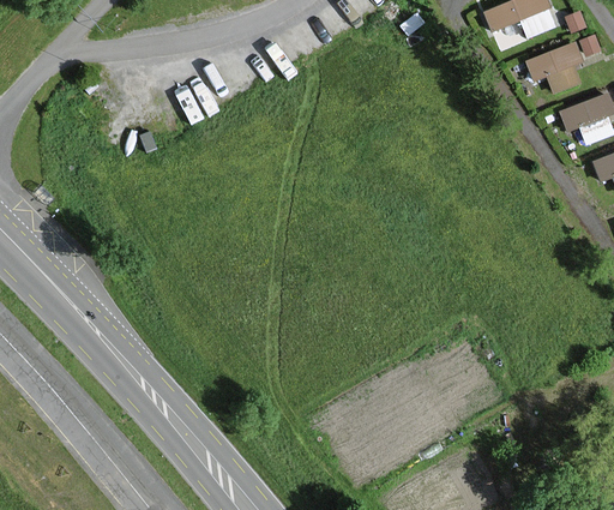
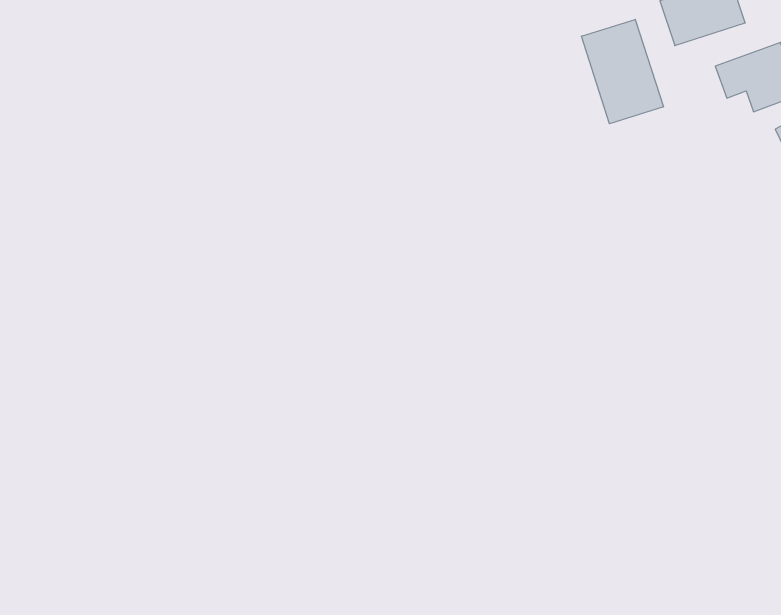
building: none -> [581,19,663,124]

